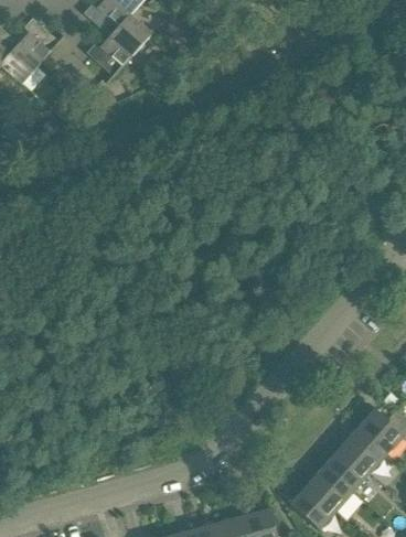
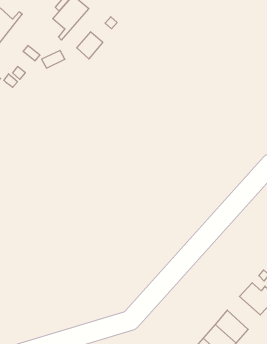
building: none -> [77,32,103,59]
building: [341,427,386,472] -> none

